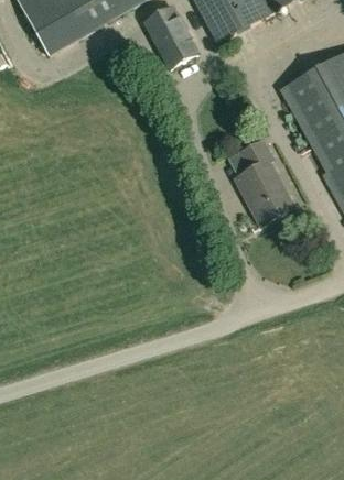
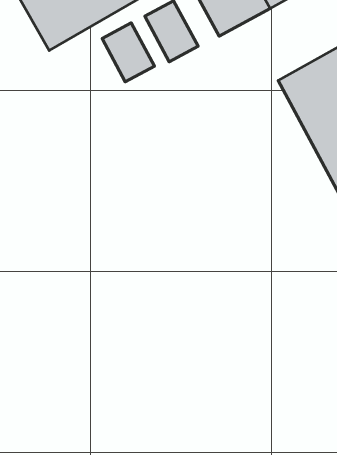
building: none -> [102,23,155,82]
building: [236,140,294,223] -> none

